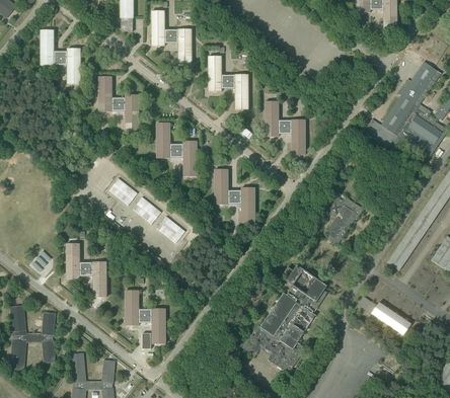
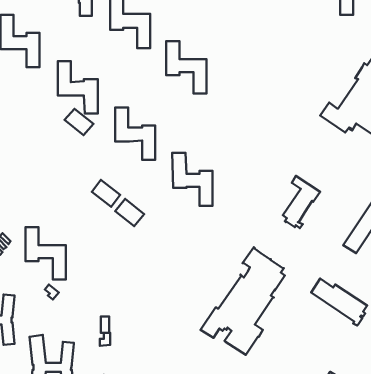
building: [265,101,305,155] -> none
building: [108,178,138,205] -> [64,109,94,135]
building: [125,291,165,343] -> none

